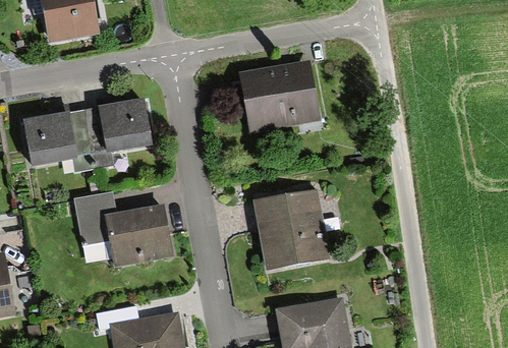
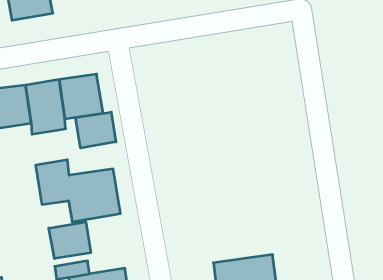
building: [238,60,319,133] -> none
building: none -> [76,112,116,148]
building: [256,194,324,267] -> none
building: none -> [49,222,91,259]

